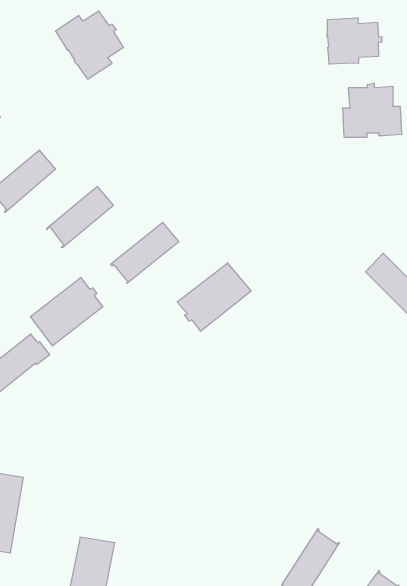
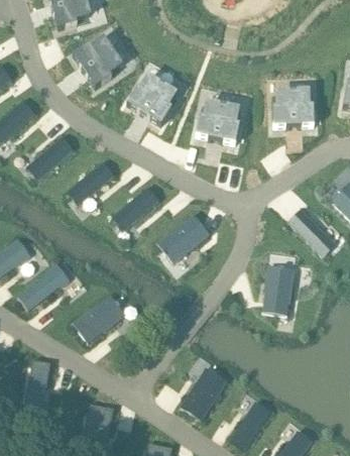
building: [327,18,382,64] -> none
building: none -> [126,78,174,125]
building: none -> [196,103,239,143]
building: [30,278,103,346] -> [74,294,124,341]
building: none -> [262,266,294,315]
building: none -> [181,368,227,419]

